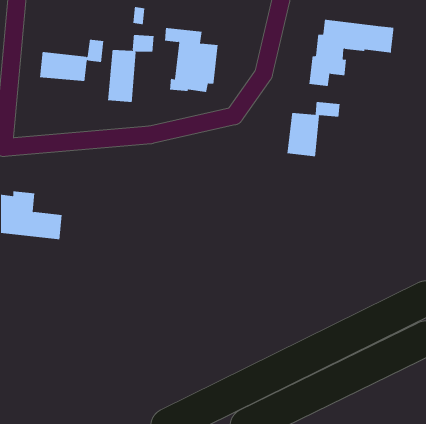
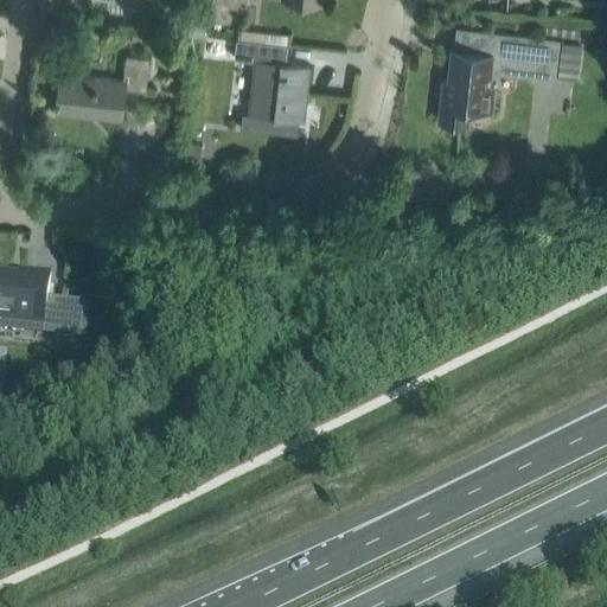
building: [108,34,154,103] -> none
building: [287,101,340,157] -> none

